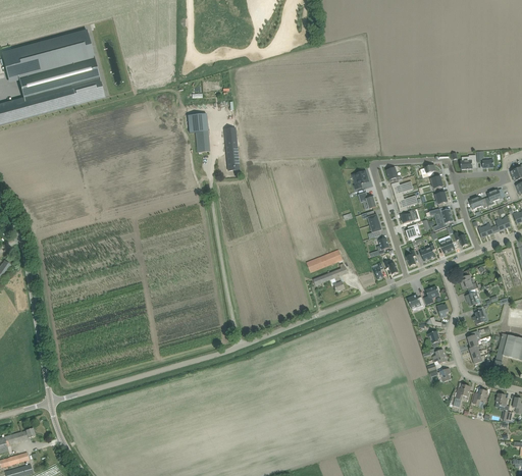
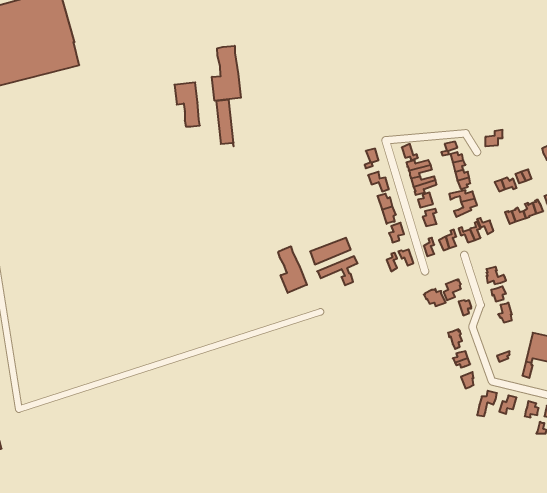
building: none -> [212,46,241,101]
building: none -> [278,246,307,293]

